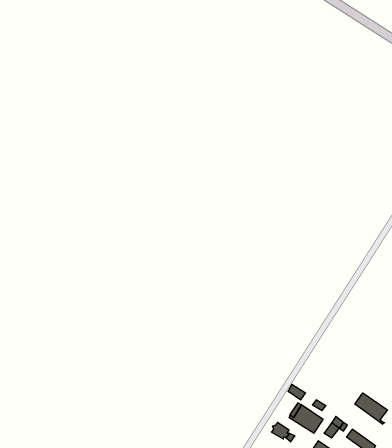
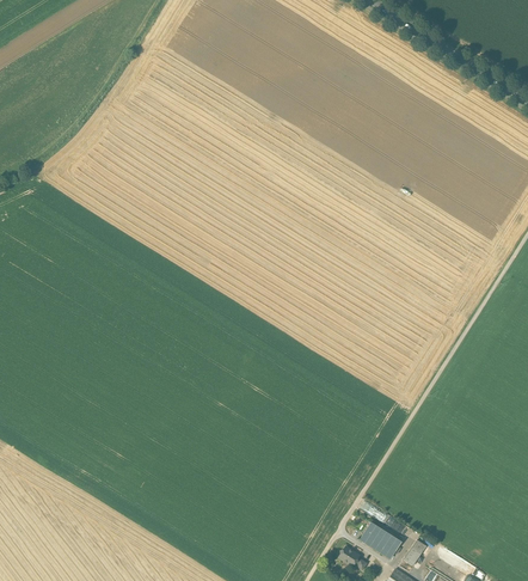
building: [355,393,387,424] -> none

